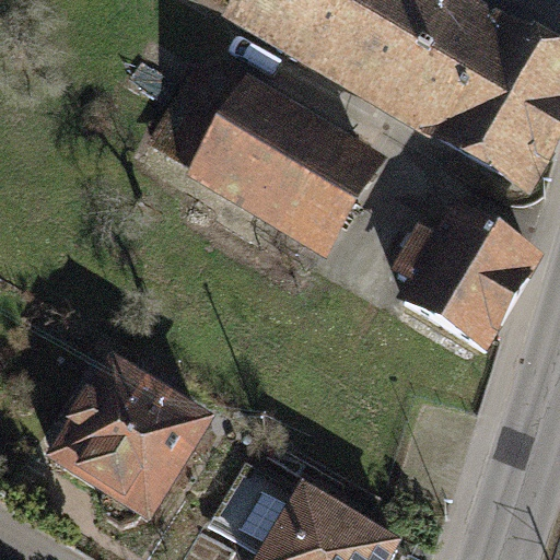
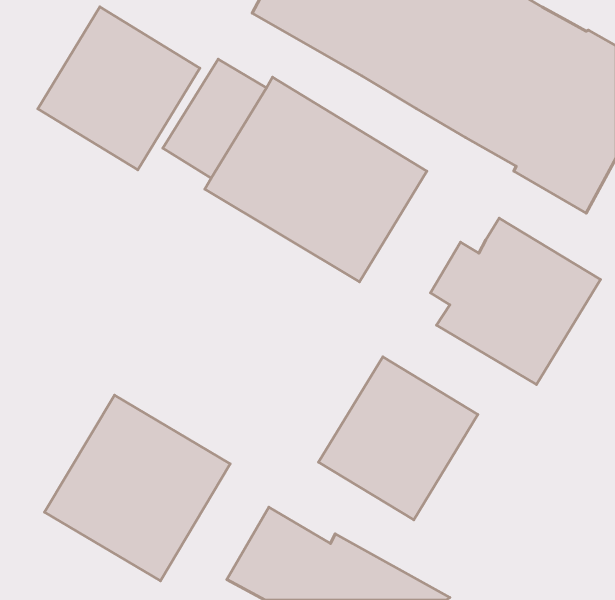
building: none -> [38,7,200,170]
building: none -> [319,357,478,520]

